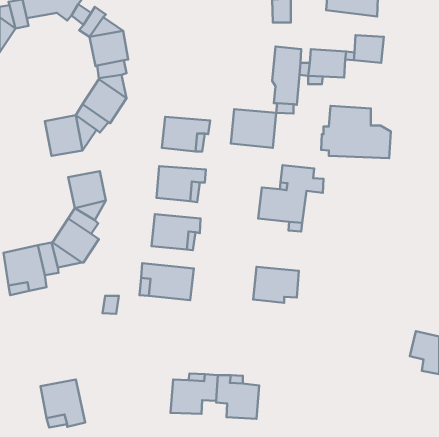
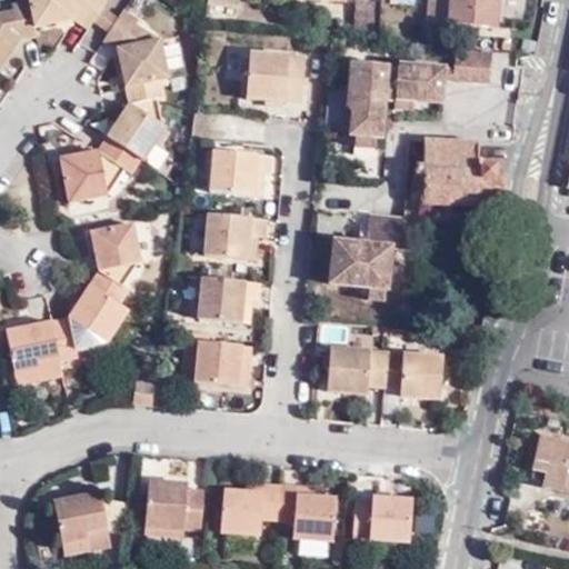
building: [231,109,276,148] -> [244,51,303,101]
building: none -> [383,350,443,397]
building: none -> [146,485,204,532]
building: none -> [351,496,410,541]

